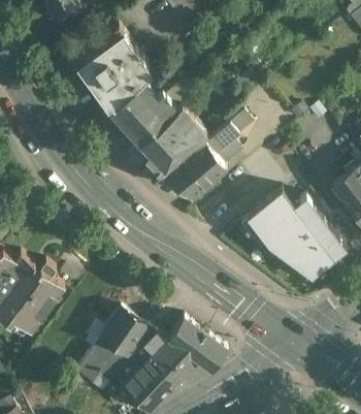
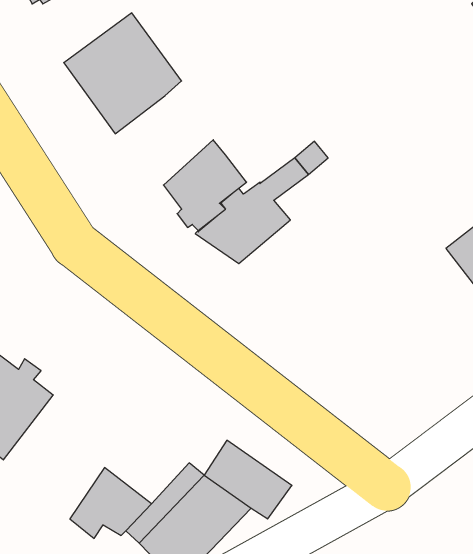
building: [110,84,177,145] -> none
building: [245,190,347,278] -> none
building: [100,309,158,362] -> none

